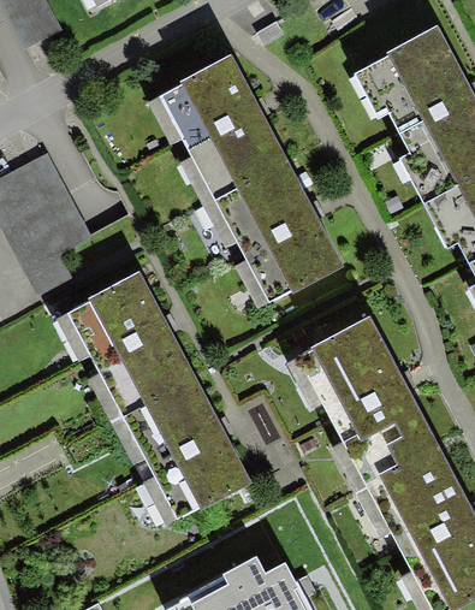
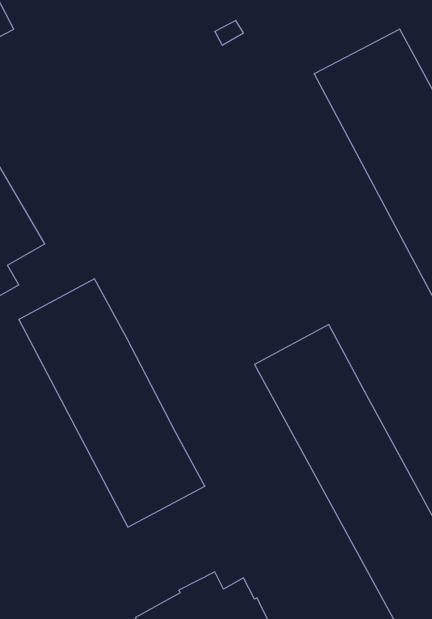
building: [158,55,344,308] -> none

